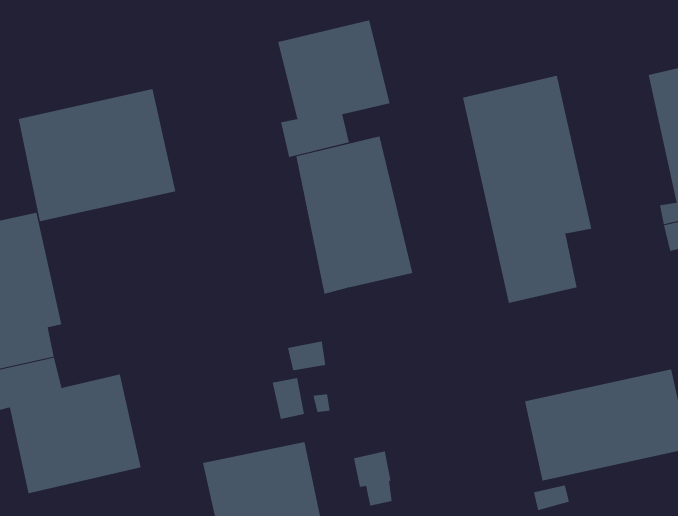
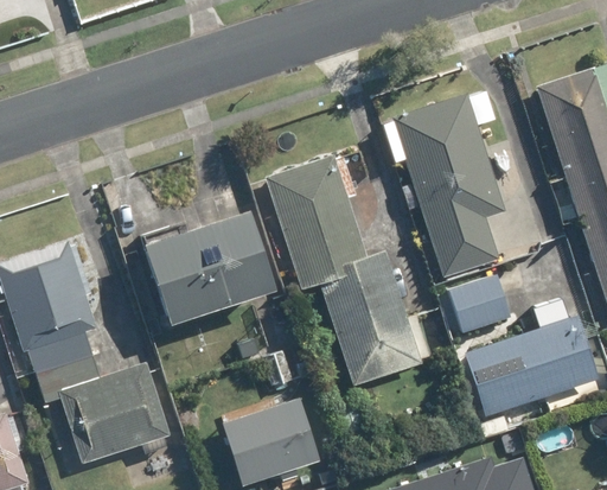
building: [277,20,390,158] -> none
building: [18,88,176,222] -> [142,205,273,319]
building: none -> [318,255,418,384]
building: none -> [451,275,509,331]

